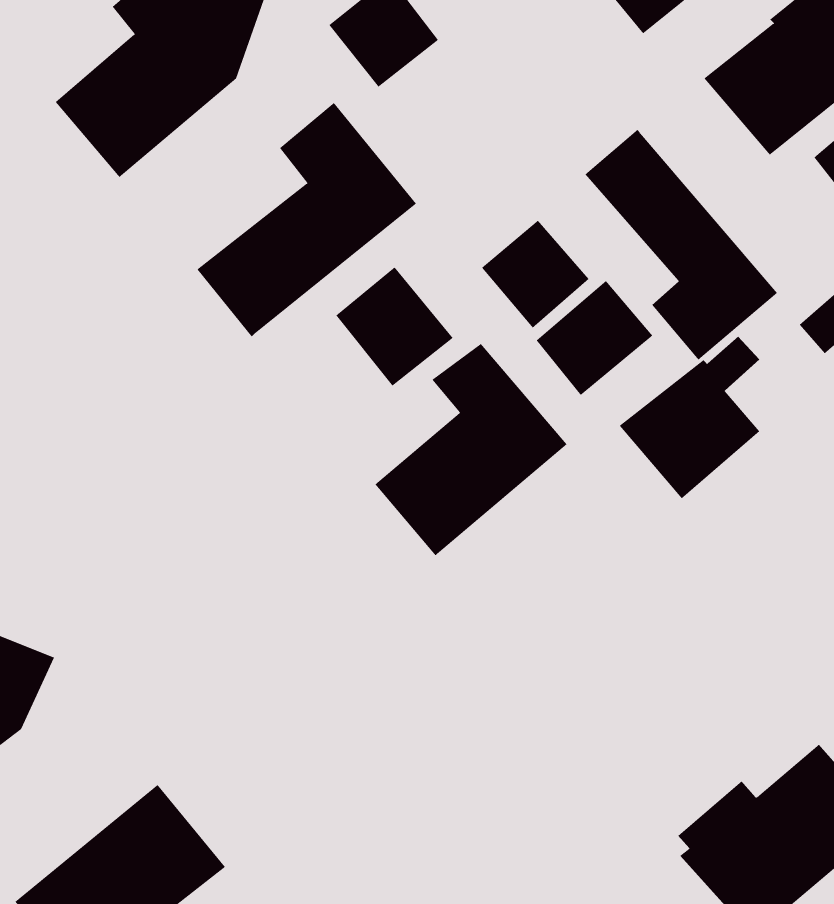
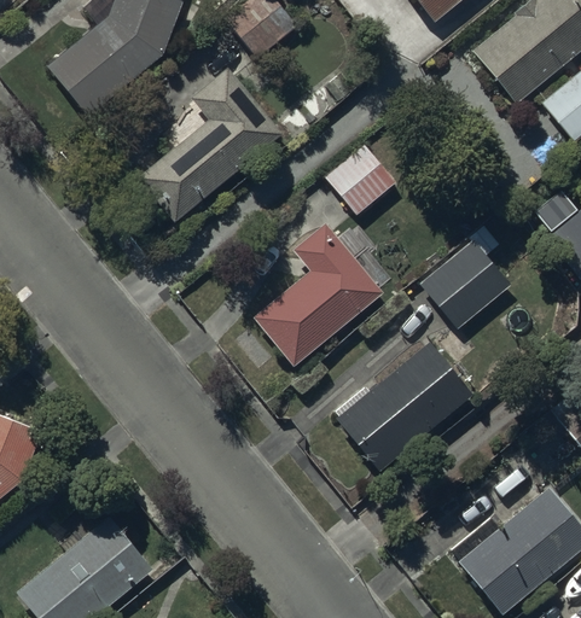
building: [584,129,778,361] -> none
building: [336,266,453,387] -> none
building: [536,280,653,396] -> none
building: none -> [335,342,471,471]

